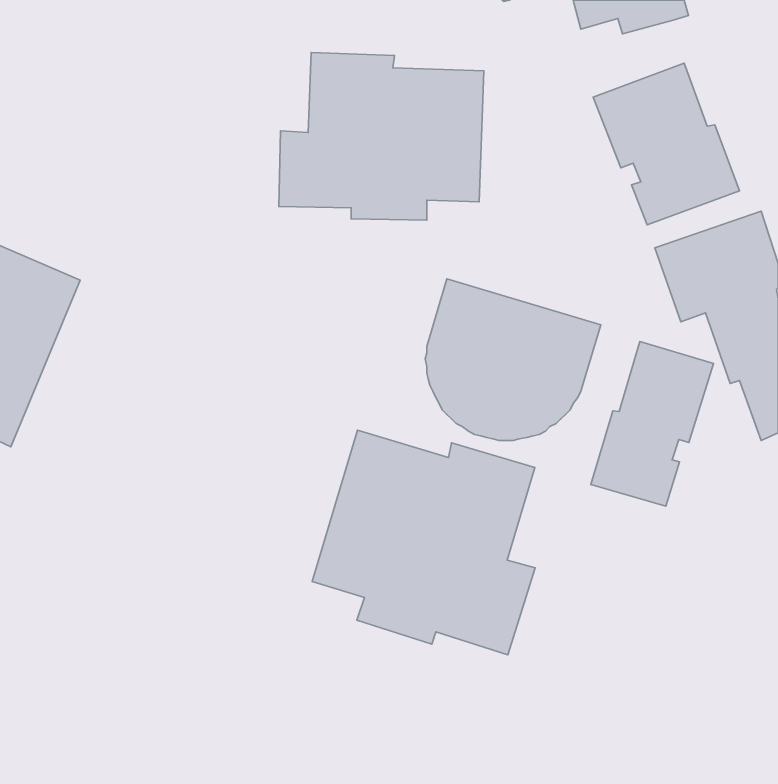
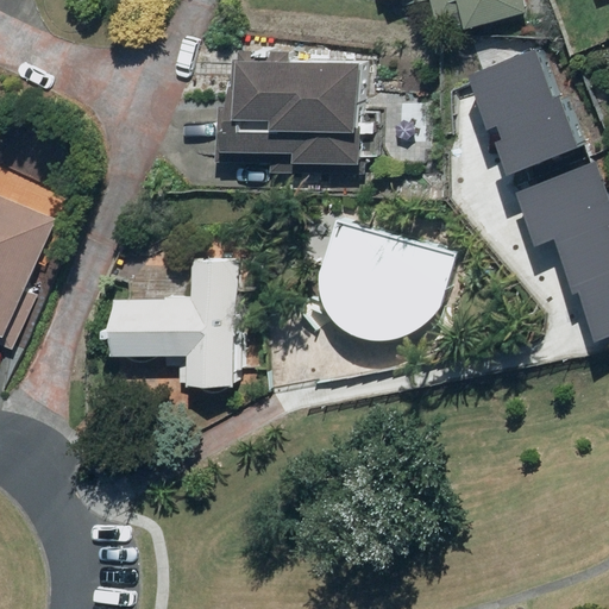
building: none -> [114,258,244,377]
building: [591,342,714,506] -> none
building: [312,430,535,655] -> none

